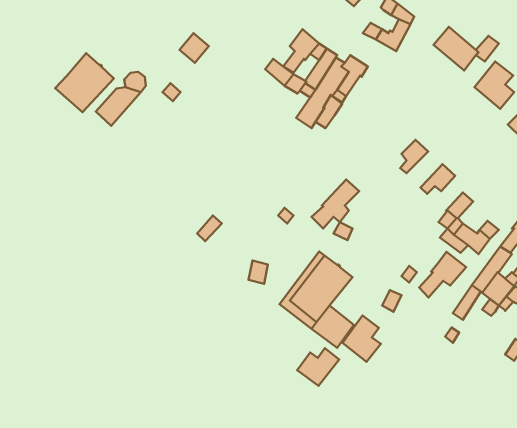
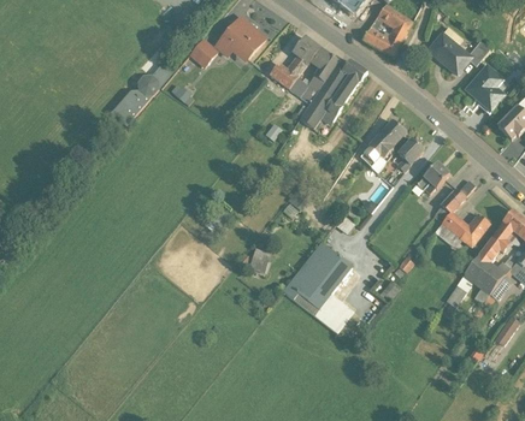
building: none -> [217,18,265,58]
building: [55,53,114,112] -> none
building: [312,180,359,228] -> [360,120,405,166]
building: [419,252,466,298] -> none
building: [342,316,381,362] -> none
building: [297,348,339,386] -> none

